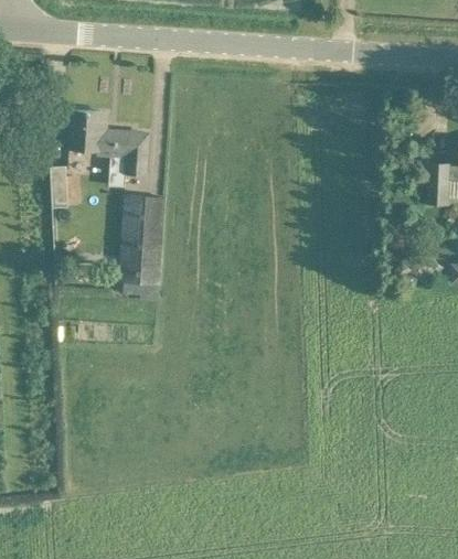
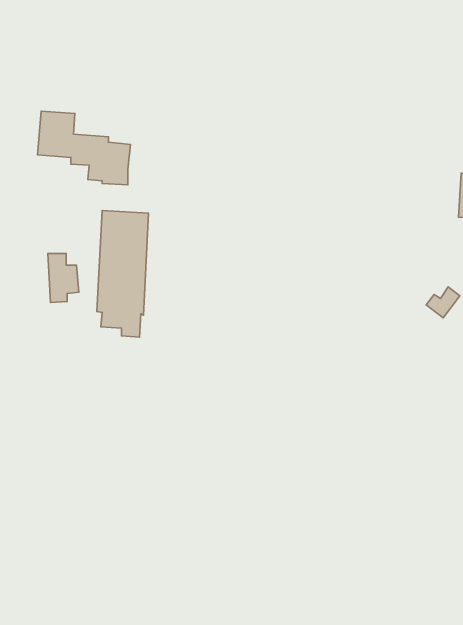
building: [51,165,77,207] -> [48,254,79,303]

